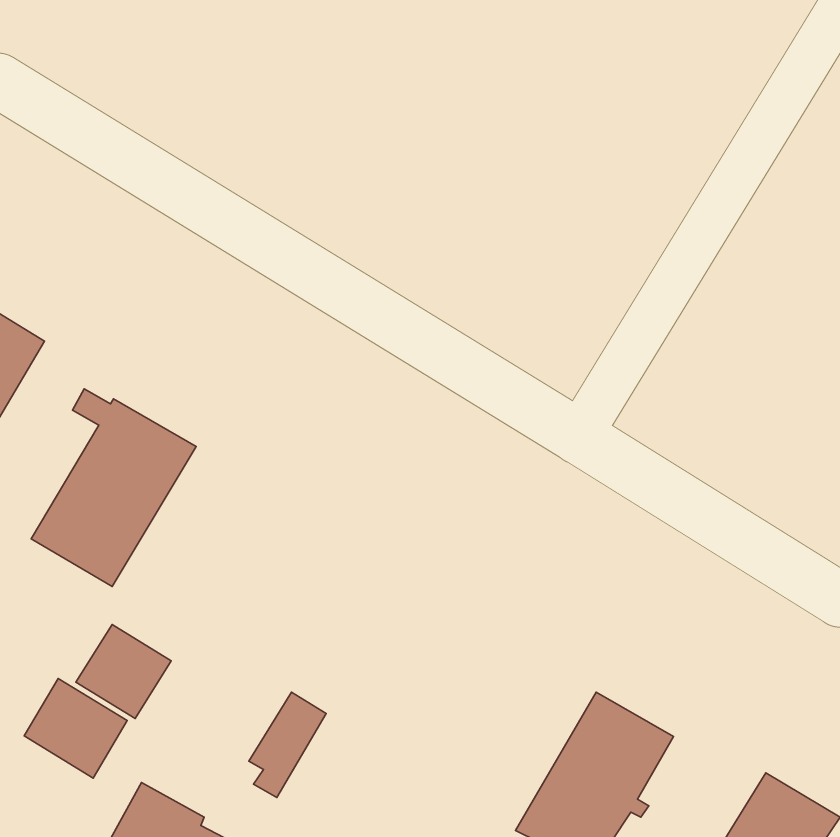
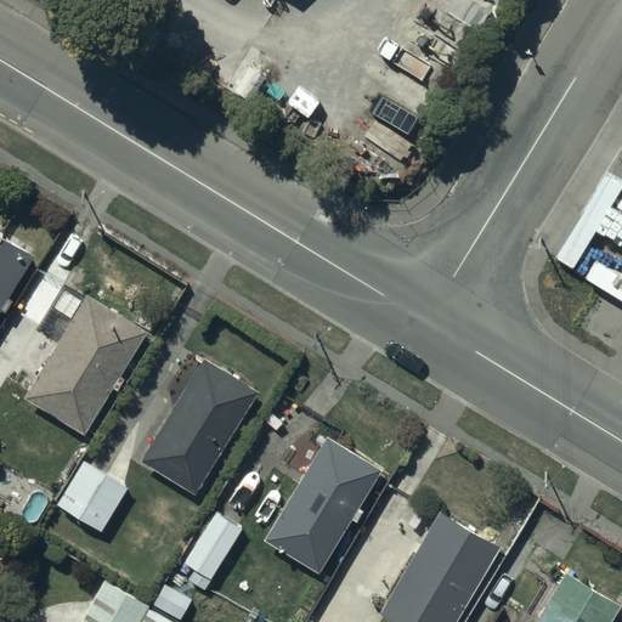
building: none -> [141,358,259,494]
building: none -> [265,437,379,572]
building: [24,678,127,778] -> none

